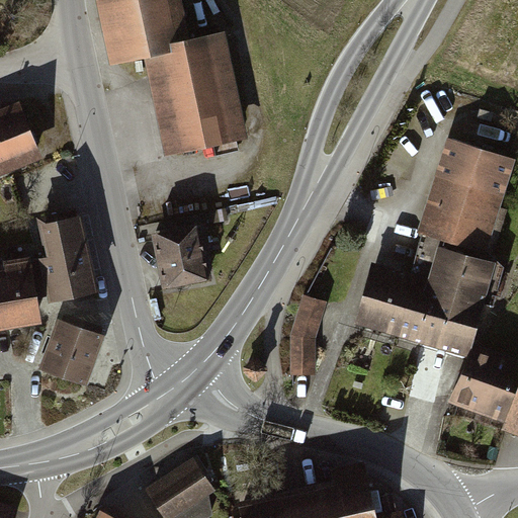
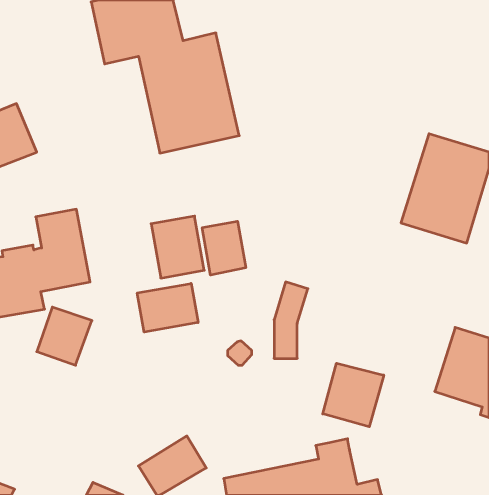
building: none -> [202,221,246,275]
building: [348,248,494,360] -> none
building: none -> [137,283,198,332]
building: none -> [323,363,384,427]

